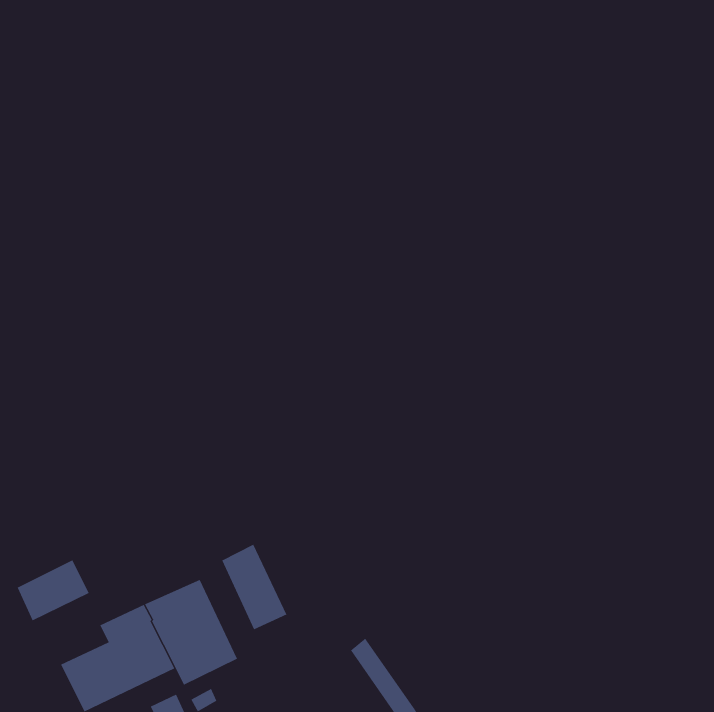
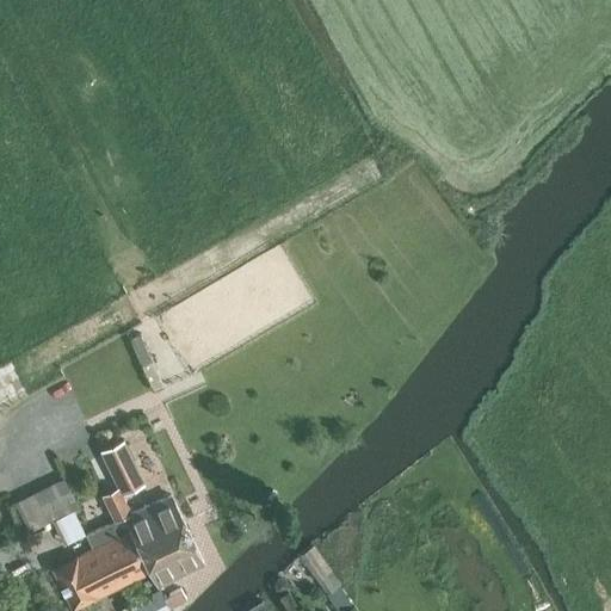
building: none -> [100,442,143,496]
building: [222,544,287,630] -> none

